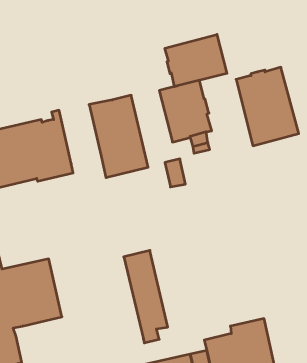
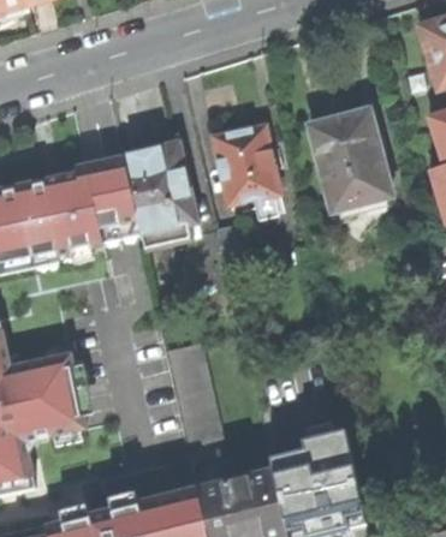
building: [165,34,227,87] -> none
building: none -> [82,154,136,231]

